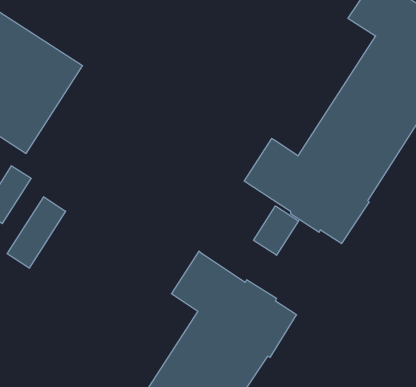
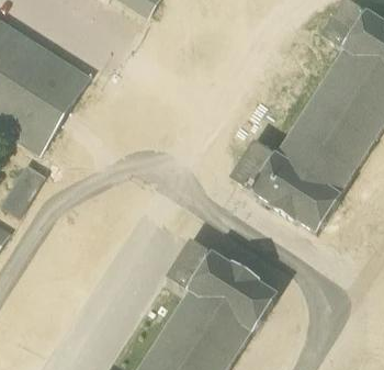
building: [7,197,66,268] -> none
building: [254,206,299,255] -> none

